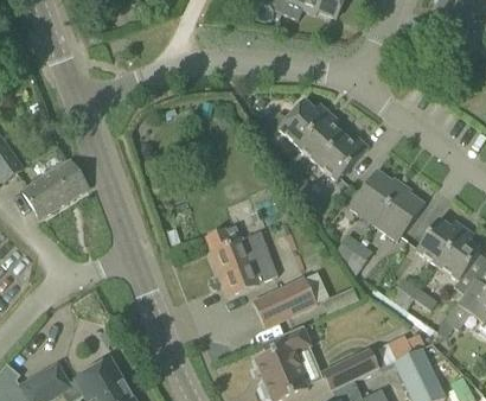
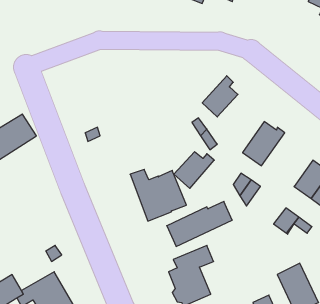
building: [266,98,328,145] -> none
building: [316,134,367,180] -> [174,152,214,188]
building: [372,183,424,241] -> none
building: [320,348,378,392] -> none

